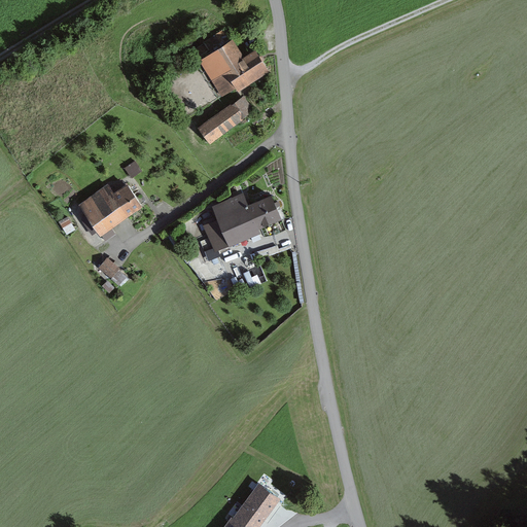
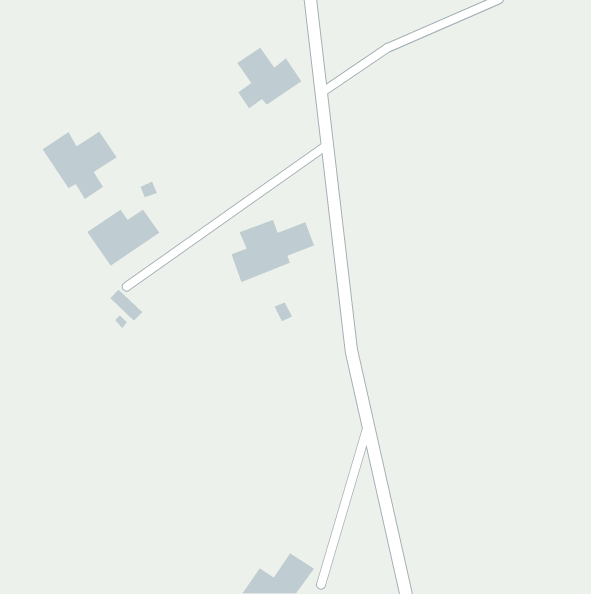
building: [198,97,253,143] -> none
building: none -> [42,131,118,200]

